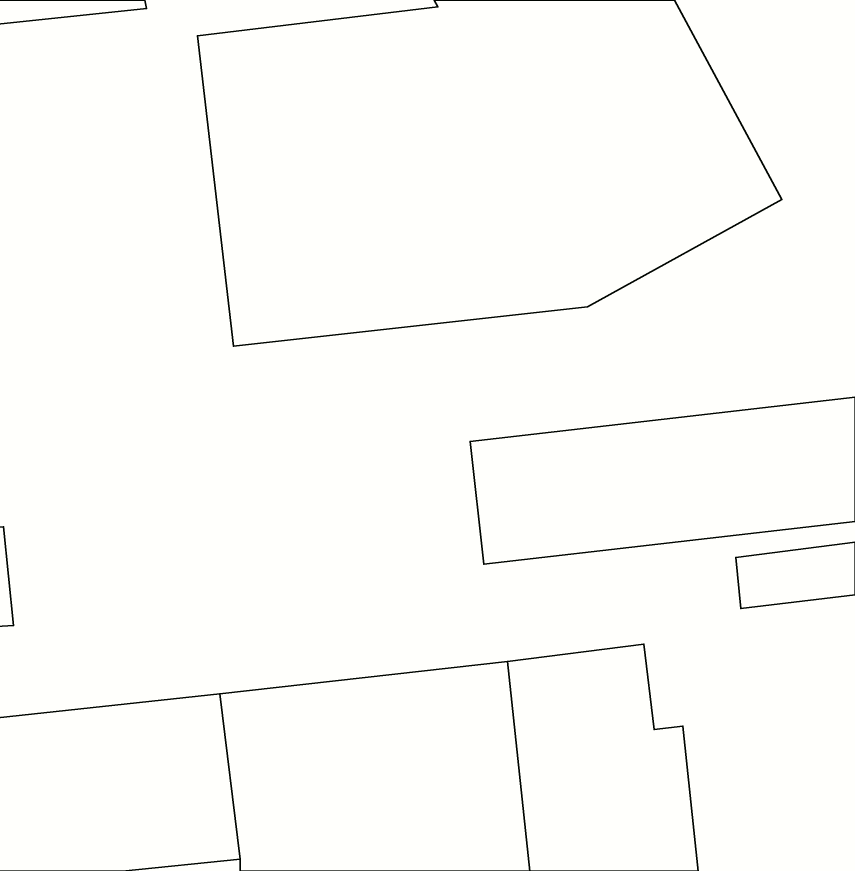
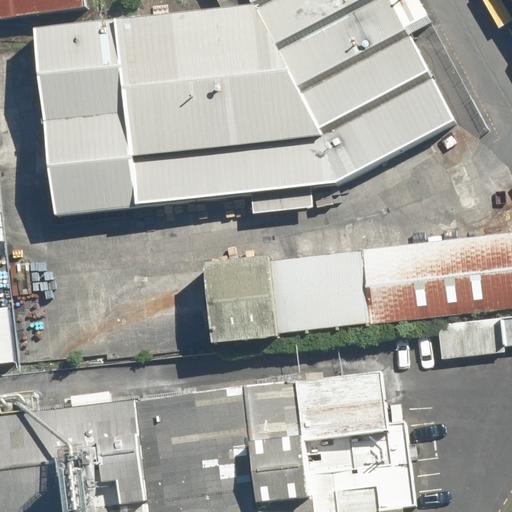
building: none -> [39,21,137,212]
building: none -> [198,262,270,348]

